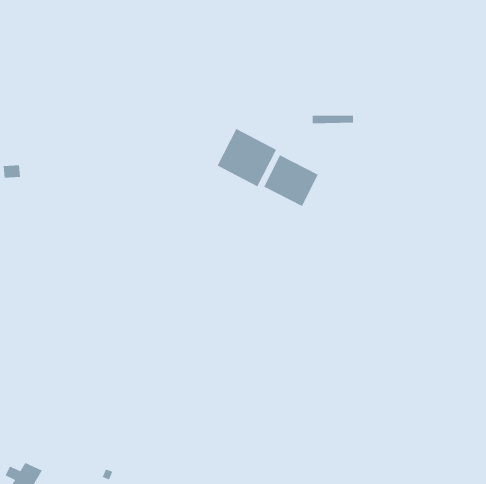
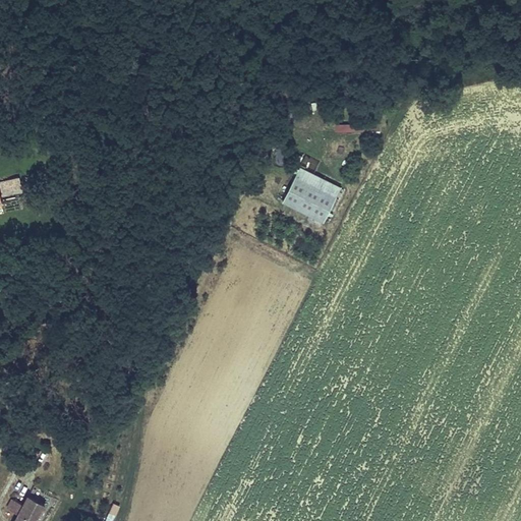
building: [217,128,277,187] -> none

